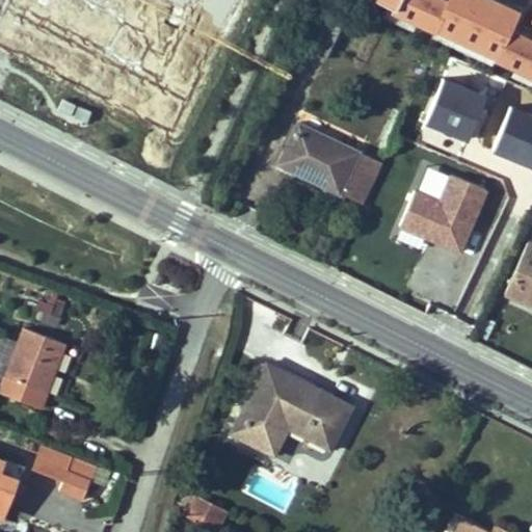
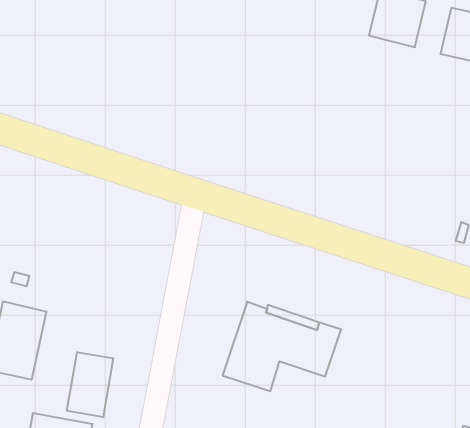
building: [273,125,382,205] -> none
building: [400,176,487,254] -> none
building: none -> [67,352,113,417]

